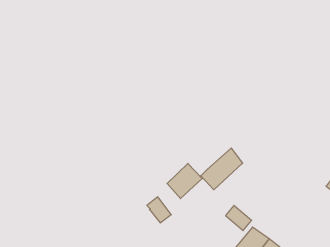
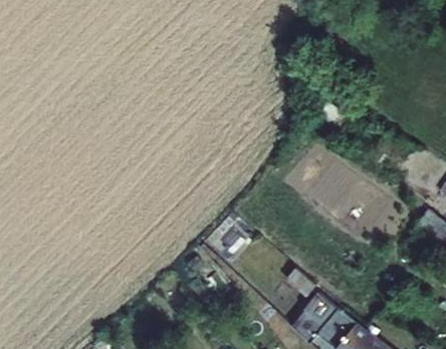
building: [201,148,243,190] -> none

